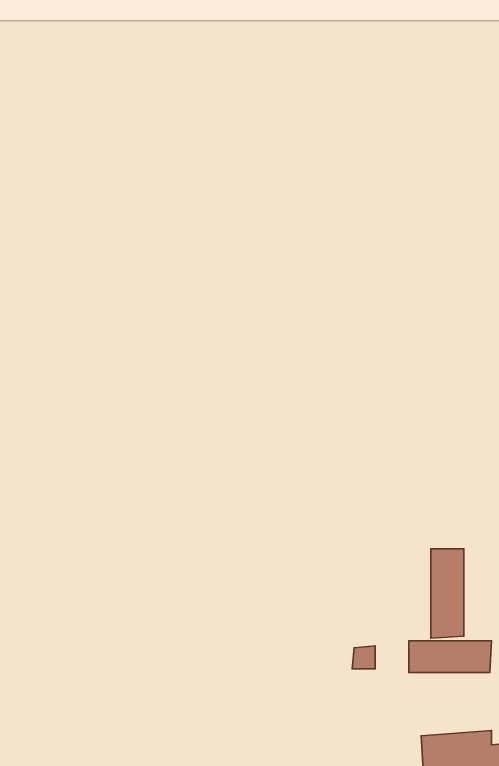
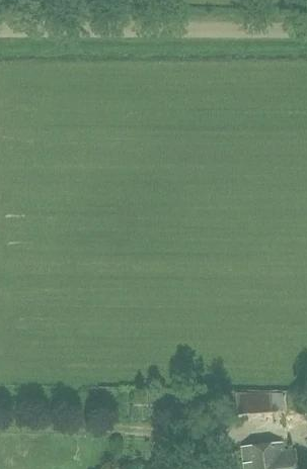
building: [431,549,464,638] -> none

